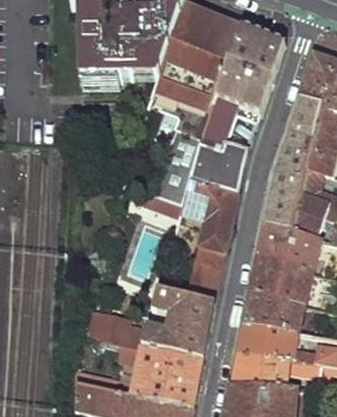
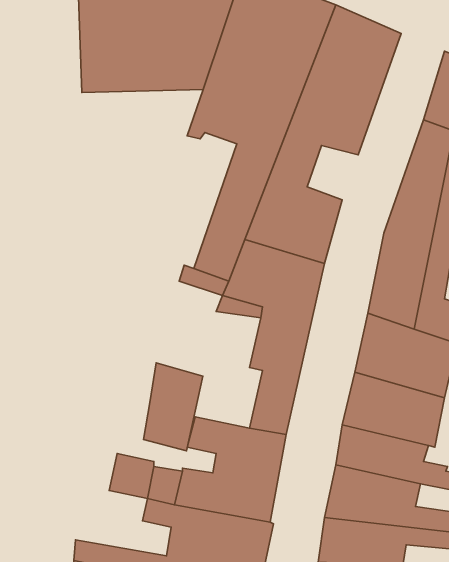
building: none -> [143,363,203,451]

